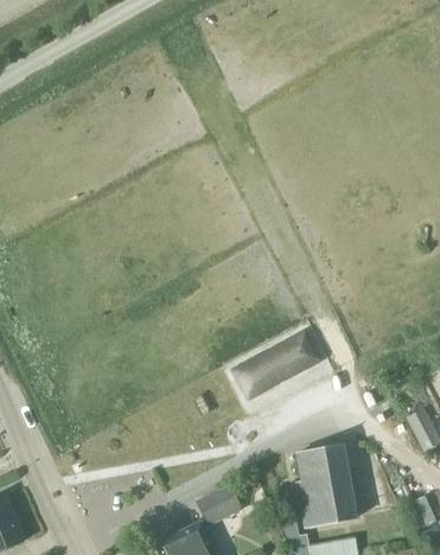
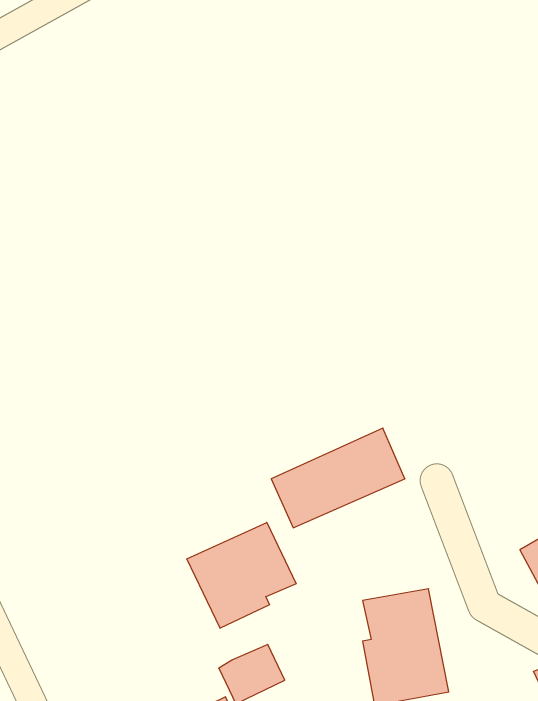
building: none -> [187,522,296,628]

